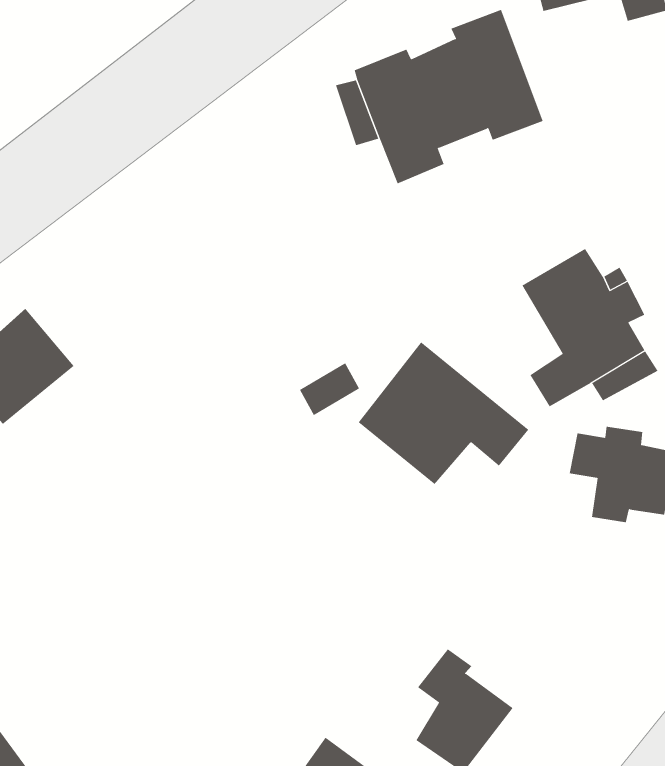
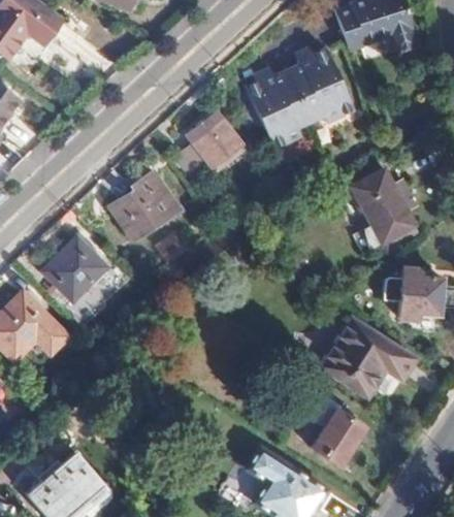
building: none -> [196,120,242,167]
building: none -> [108,171,180,241]
building: [358,341,529,485] -> [325,323,419,400]

